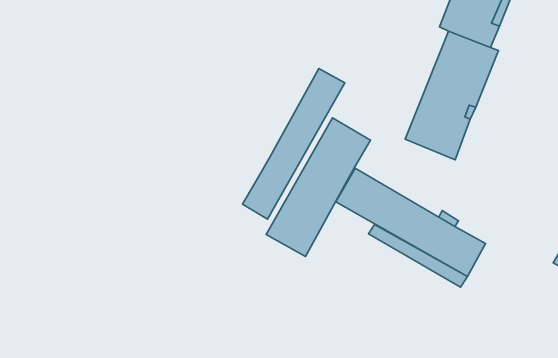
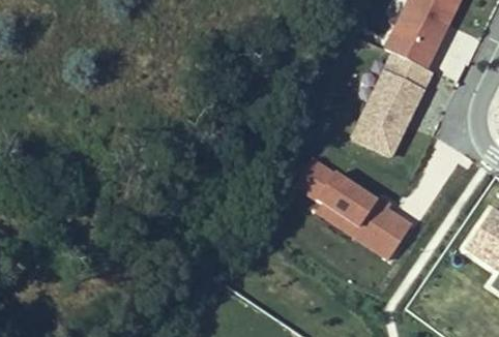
building: [243,69,345,219] -> none
building: [266,118,371,257] -> none

